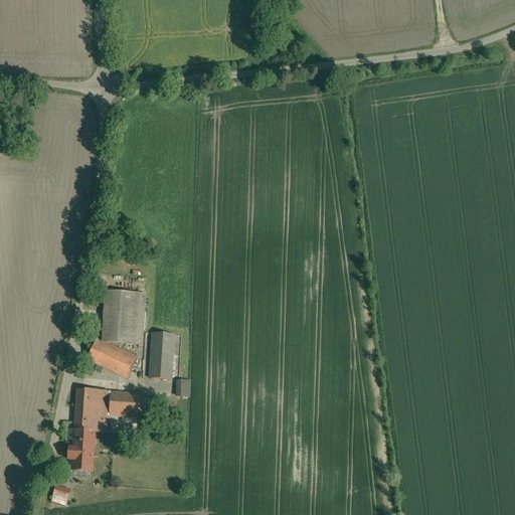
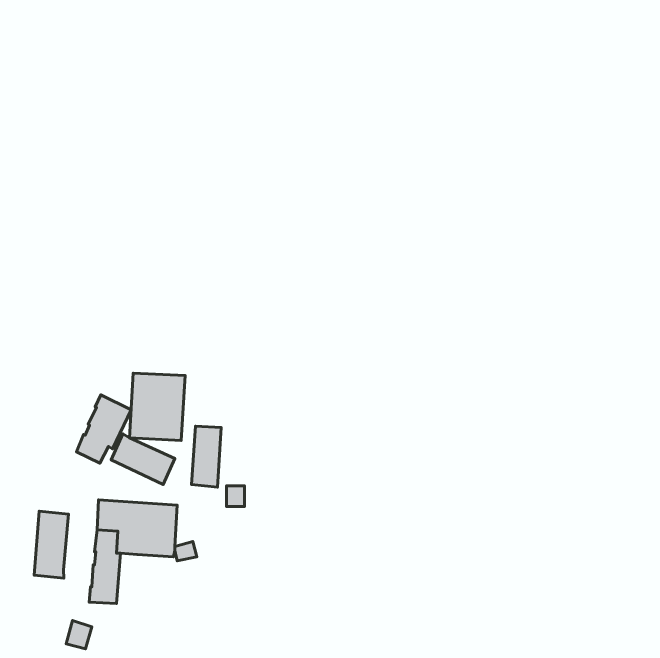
building: none -> [77,395,131,463]
building: none -> [34,511,69,578]

